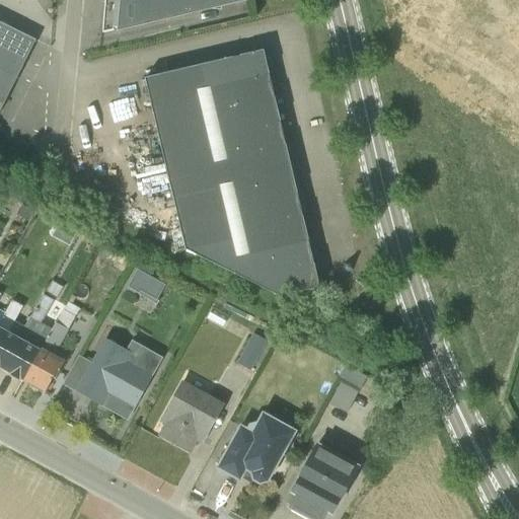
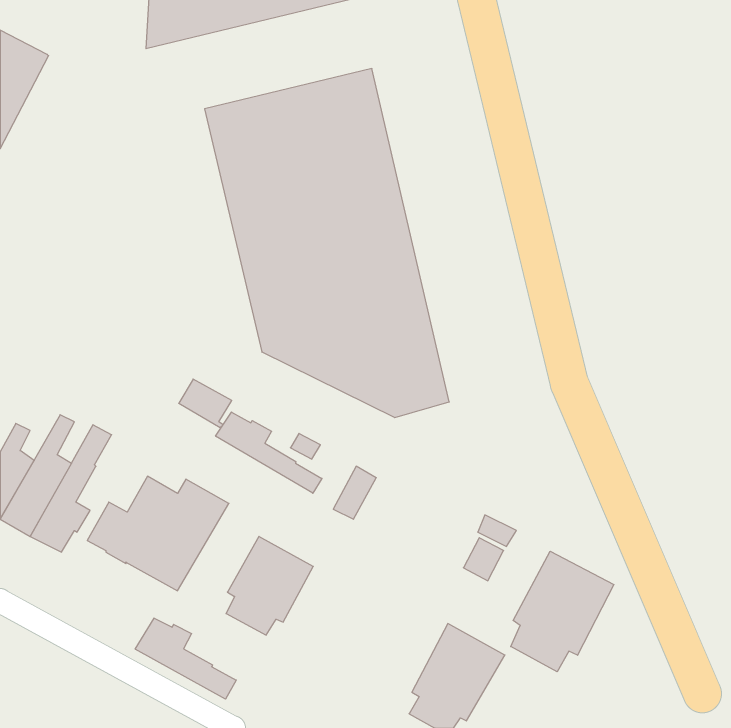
building: none -> [216,412,322,493]
building: none -> [511,551,614,672]
building: [217,410,295,483] -> none
building: none -> [135,618,236,699]

